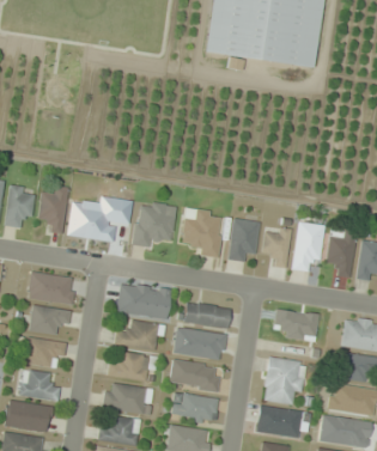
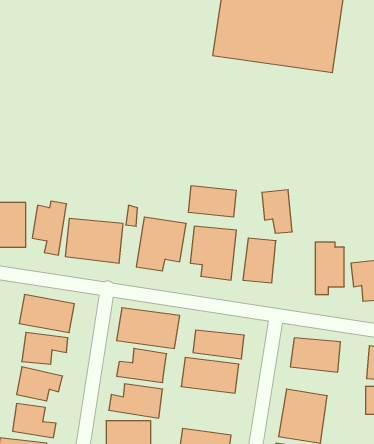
building: none -> [188,186,236,217]
building: [263,227,291,267] -> [262,190,292,233]
building: [169,359,221,392] -> none

